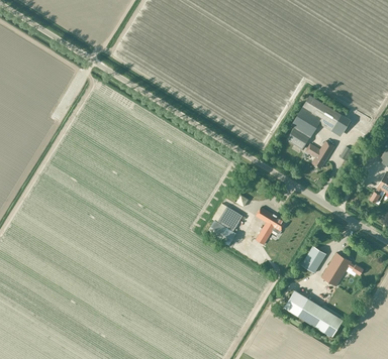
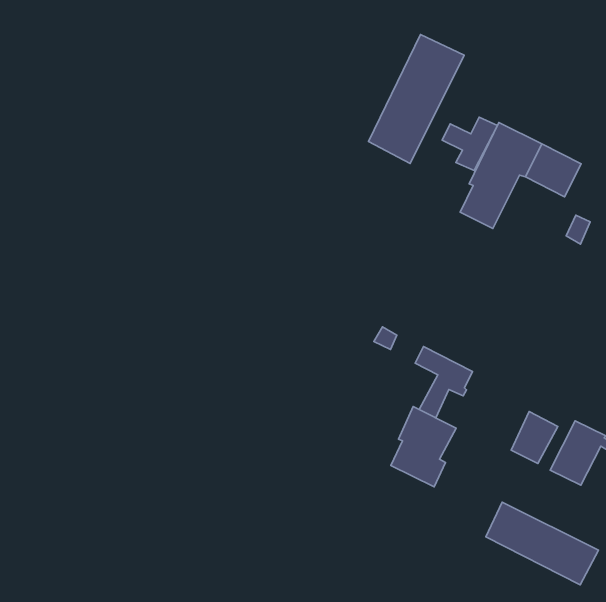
building: none -> [368,35,464,163]
building: [305,141,334,168] -> [442,117,497,171]
building: [207,203,243,245] -> [391,407,456,487]

